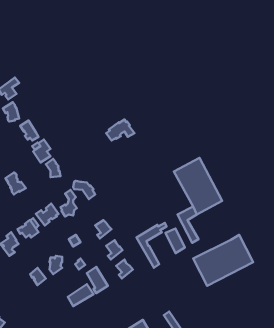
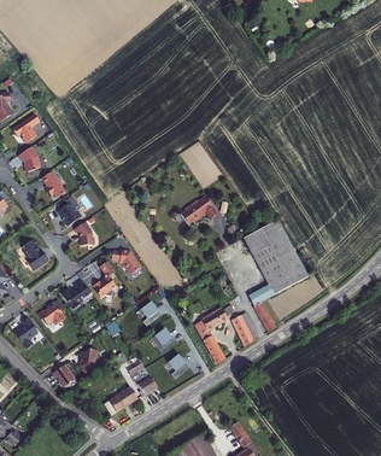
building: [106,120,134,141] -> [181,195,218,223]
building: [193,235,253,286] -> none

